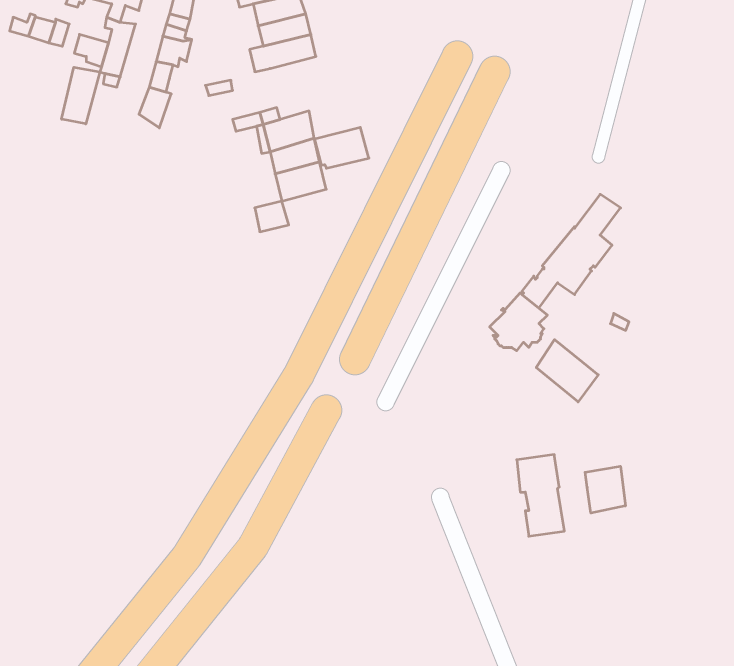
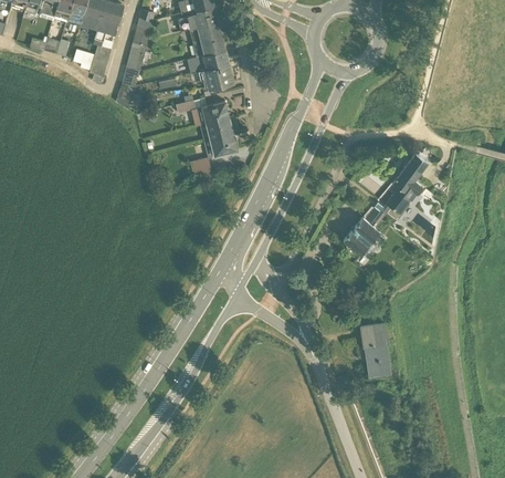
building: [62,67,100,124] -> none
building: [315,127,369,168] -> [200,63,235,90]
building: [536,340,598,402] -> none
building: [585,466,625,513] -> none

